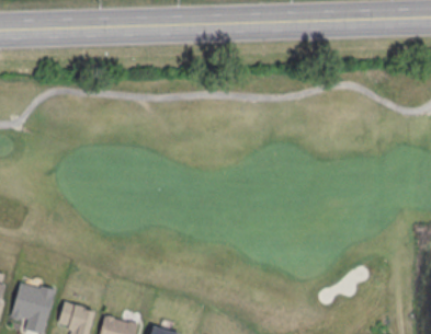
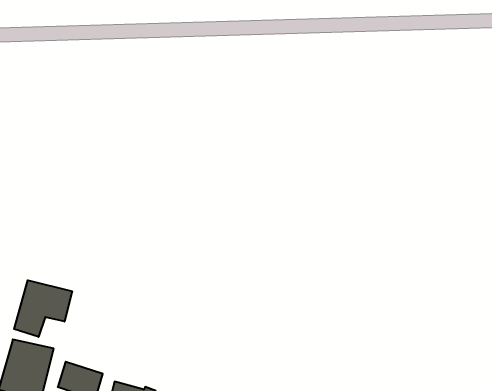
building: none -> [14,280,72,337]

